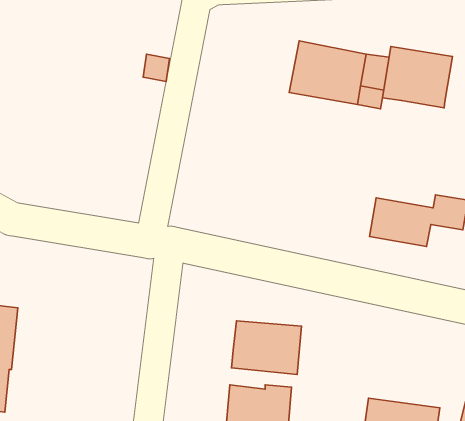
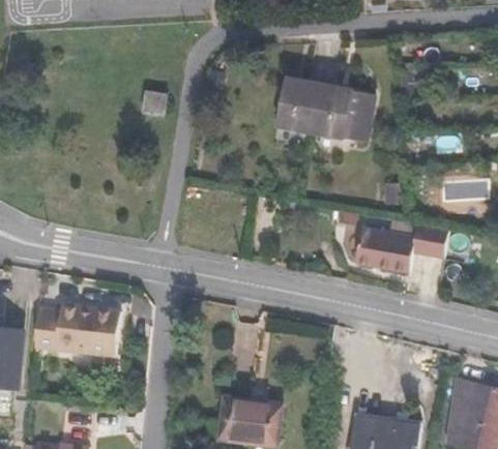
building: [383,46,452,108] -> none
building: none -> [34,305,121,356]
building: [231,321,301,374] -> none

